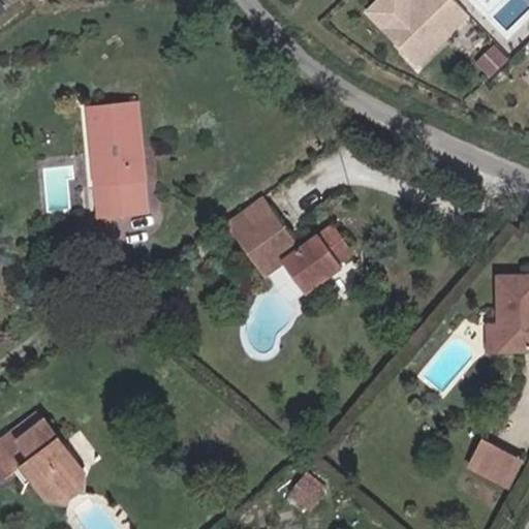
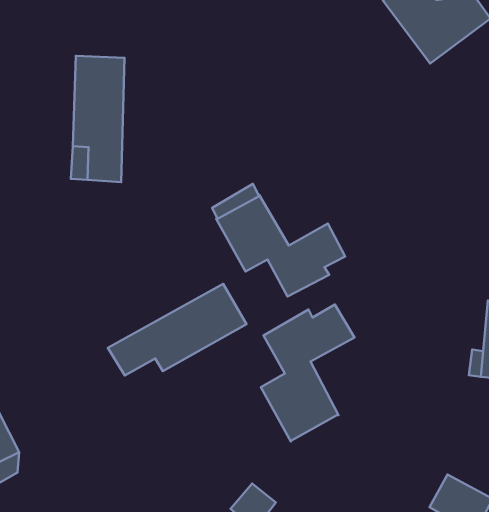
building: none -> [108,284,246,375]
building: none -> [261,305,354,442]

